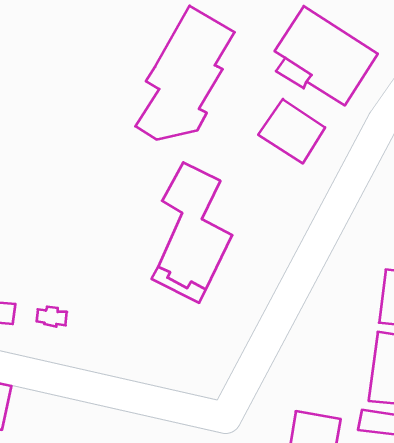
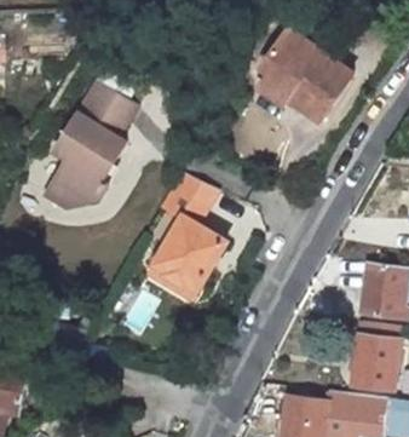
building: [135,6,235,139] -> [40,87,131,209]
building: [258,99,325,163] -> none

